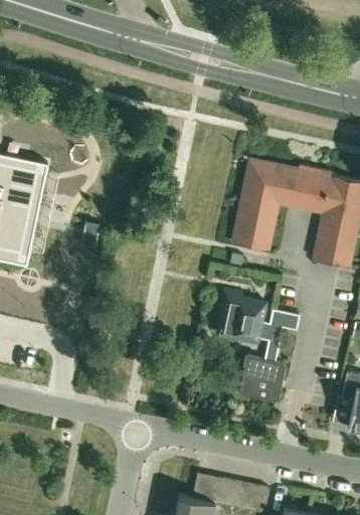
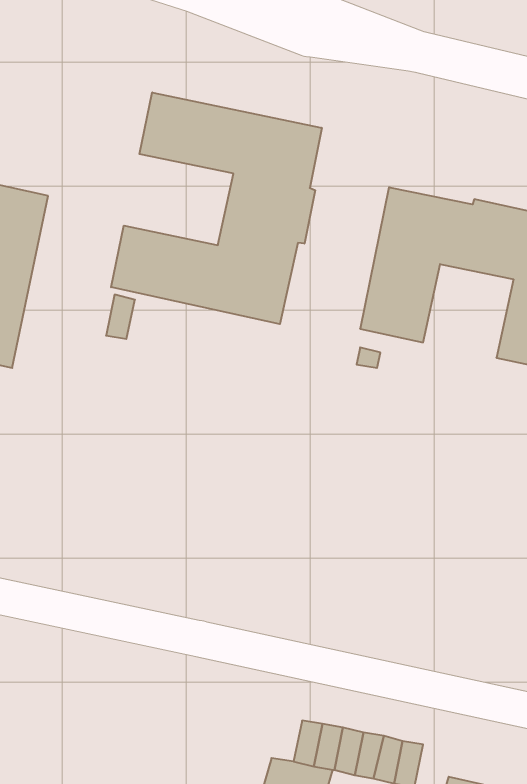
building: none -> [111,92,322,324]
building: [218,292,299,403] -> none

